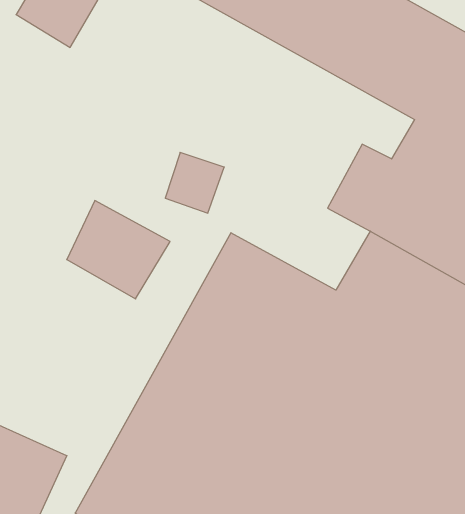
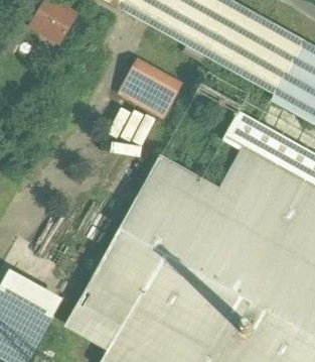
building: [67,201,170,299] -> [119,53,182,114]

